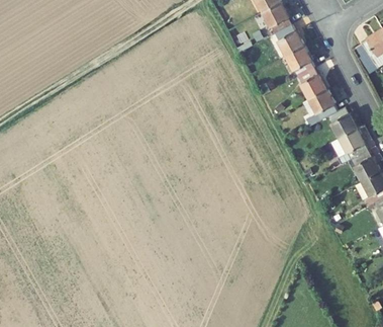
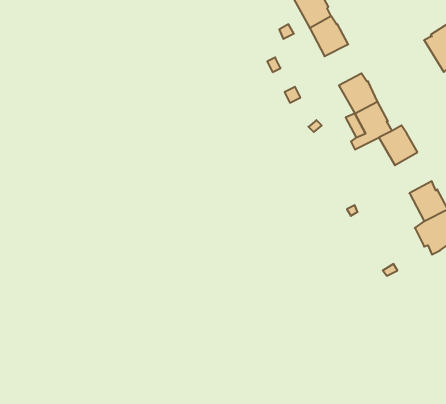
building: [287,46,315,77] -> none
building: [332,128,369,163] -> none

